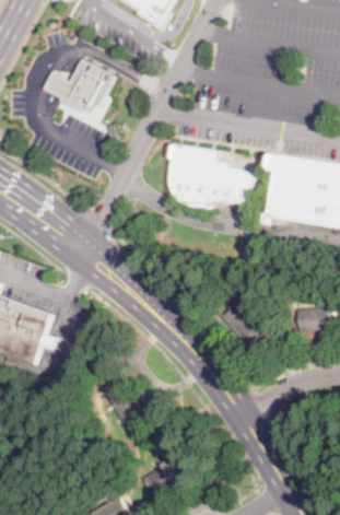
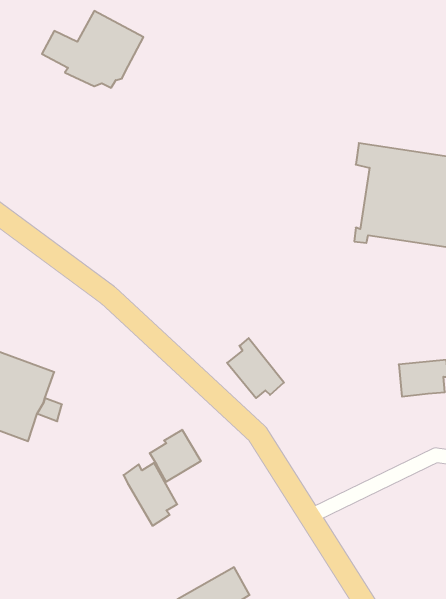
building: [171,144,255,209] -> none
building: [220,300,260,342] -> [227,338,284,398]
building: none -> [150,430,201,482]

